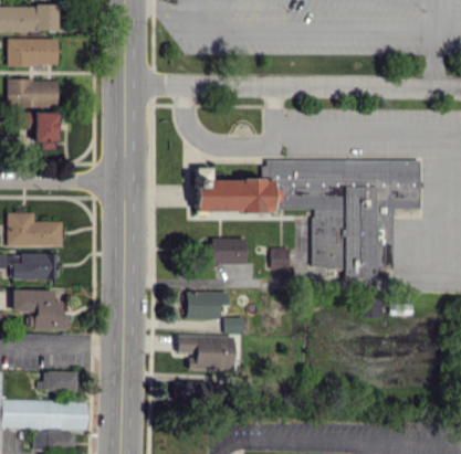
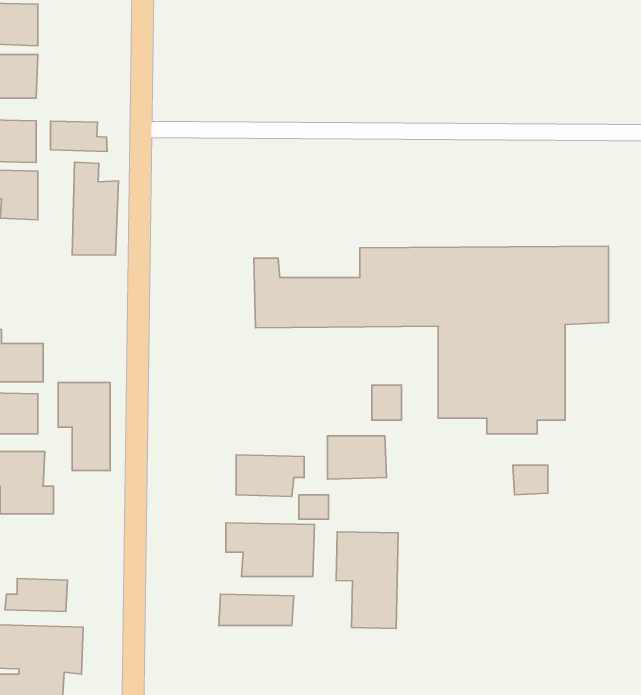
building: none -> [50,121,107,151]
building: none -> [72,162,118,255]
building: [209,237,247,265] -> [328,436,387,479]
building: none -> [58,382,110,470]
building: none -> [336,532,398,628]

